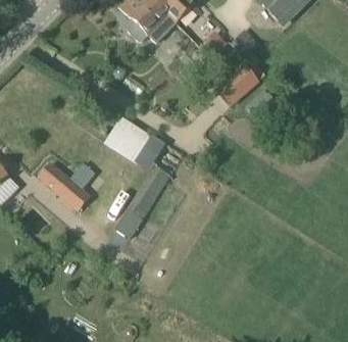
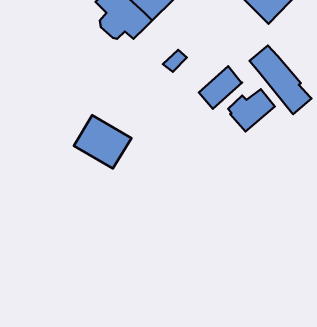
building: none -> [249,45,311,114]
building: [37,161,90,210] -> none
building: [115,162,170,238] -> none

